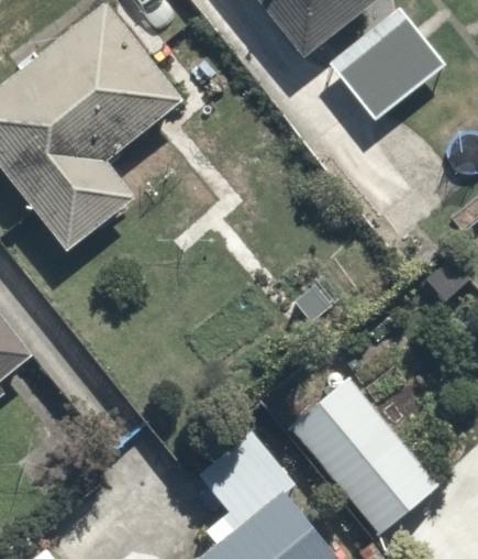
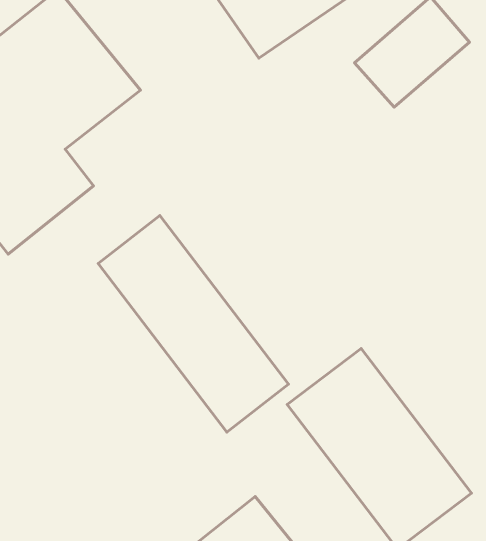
building: none -> [98,215,289,432]

